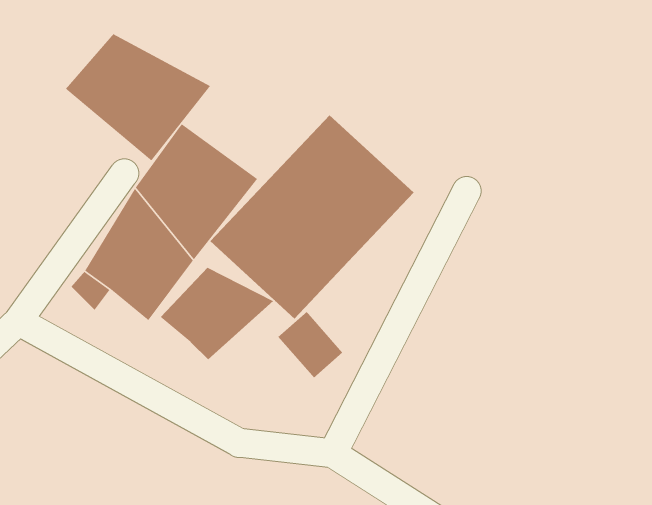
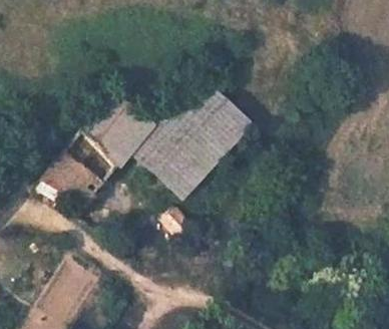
building: [65,33,211,161] -> none
building: [160,267,274,360] -> none

